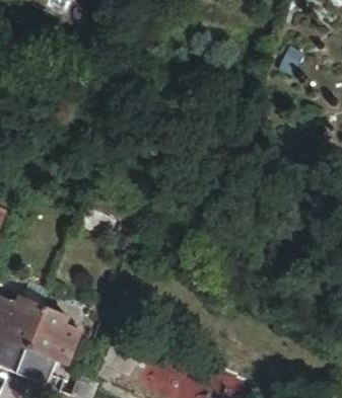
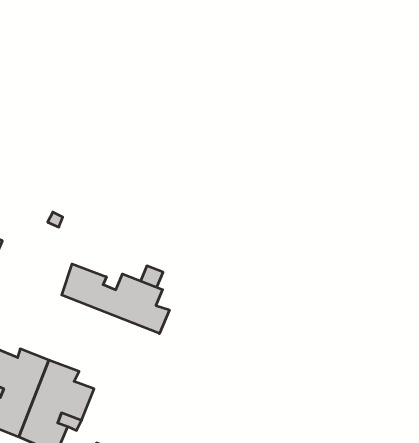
building: none -> [62,264,169,334]

